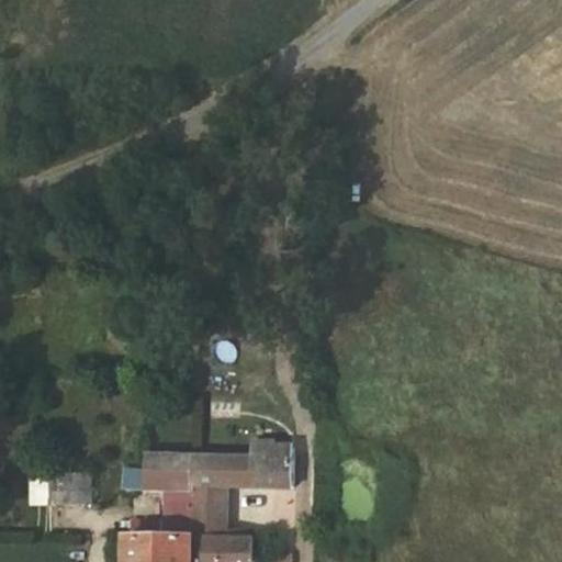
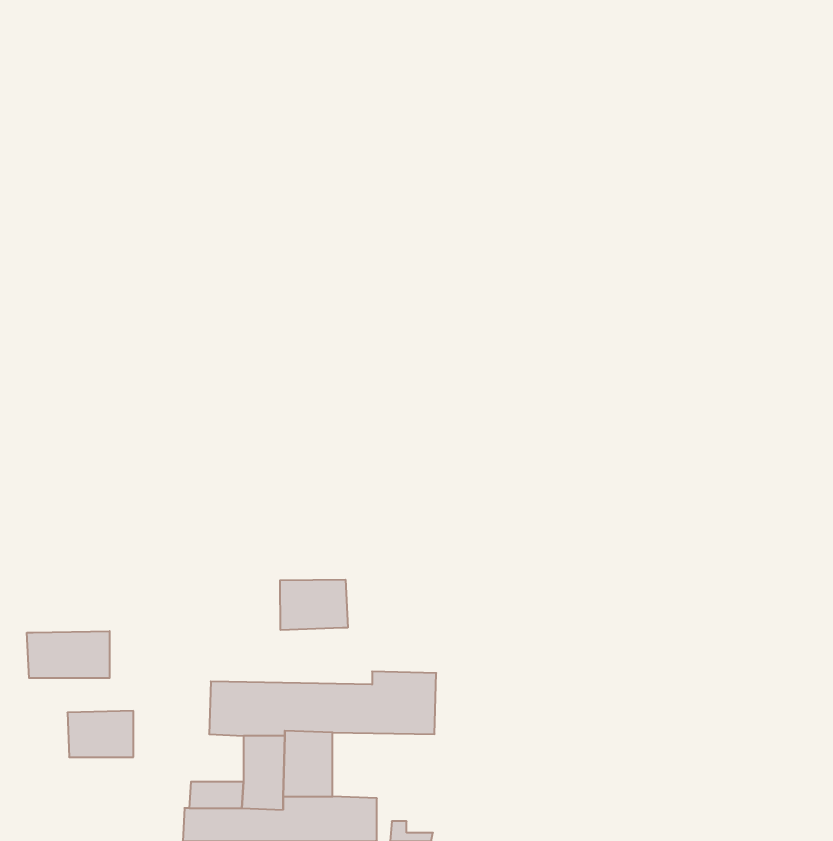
building: none -> [280,580,348,630]
building: none -> [27,631,110,678]

